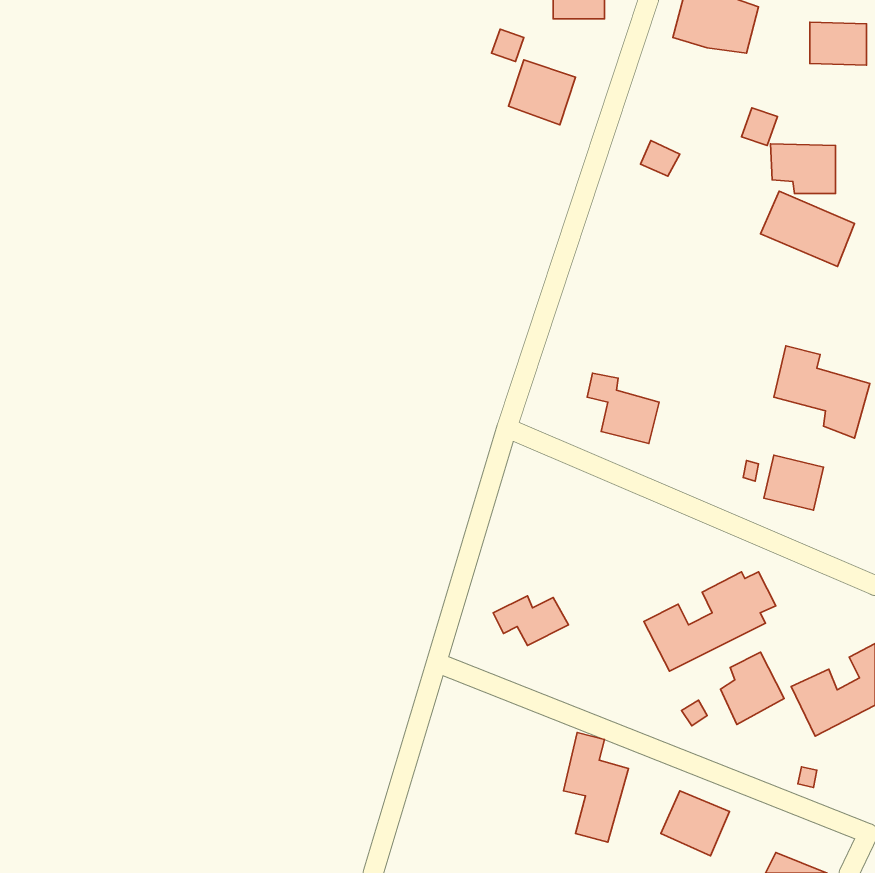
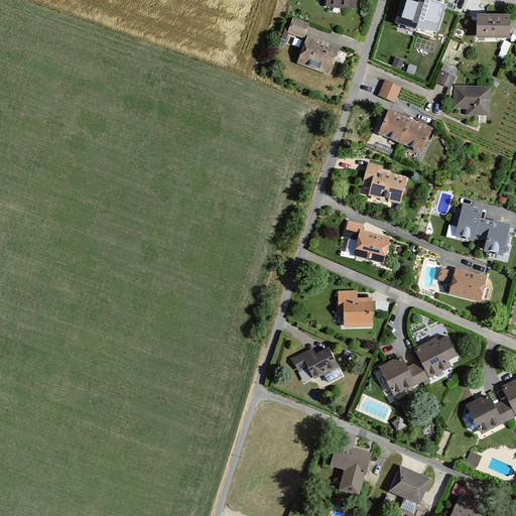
building: [760,191,855,266] -> [378,108,433,152]
building: none -> [363,161,405,203]
building: none -> [337,293,369,328]
building: [720,652,784,725] -> none

